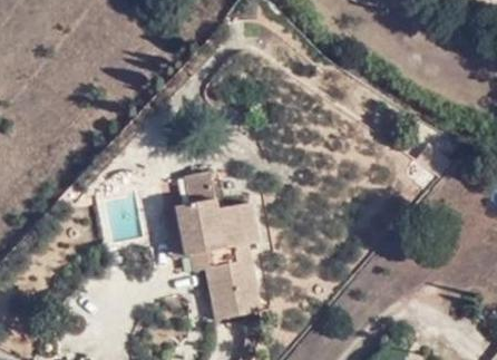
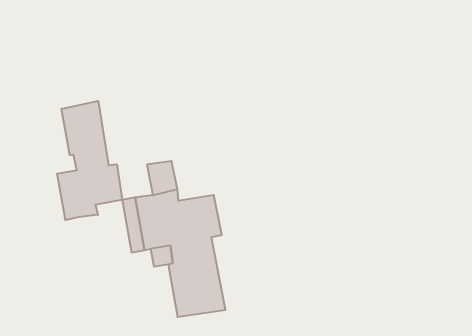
building: none -> [57,101,122,220]

